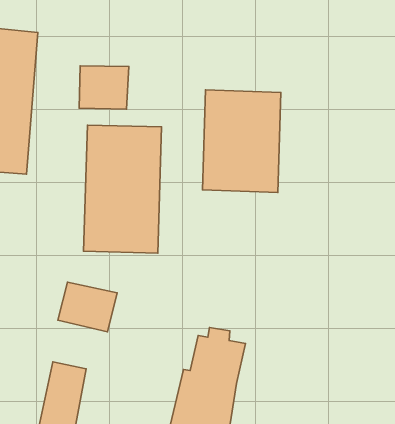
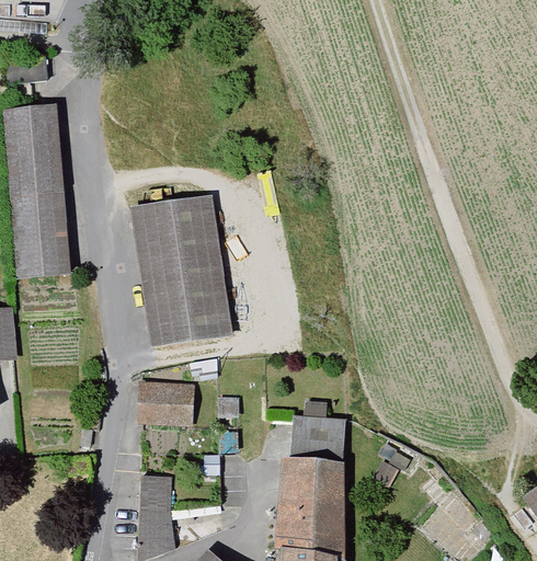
building: [79,66,129,109] -> none
building: [203,90,281,193] -> none

